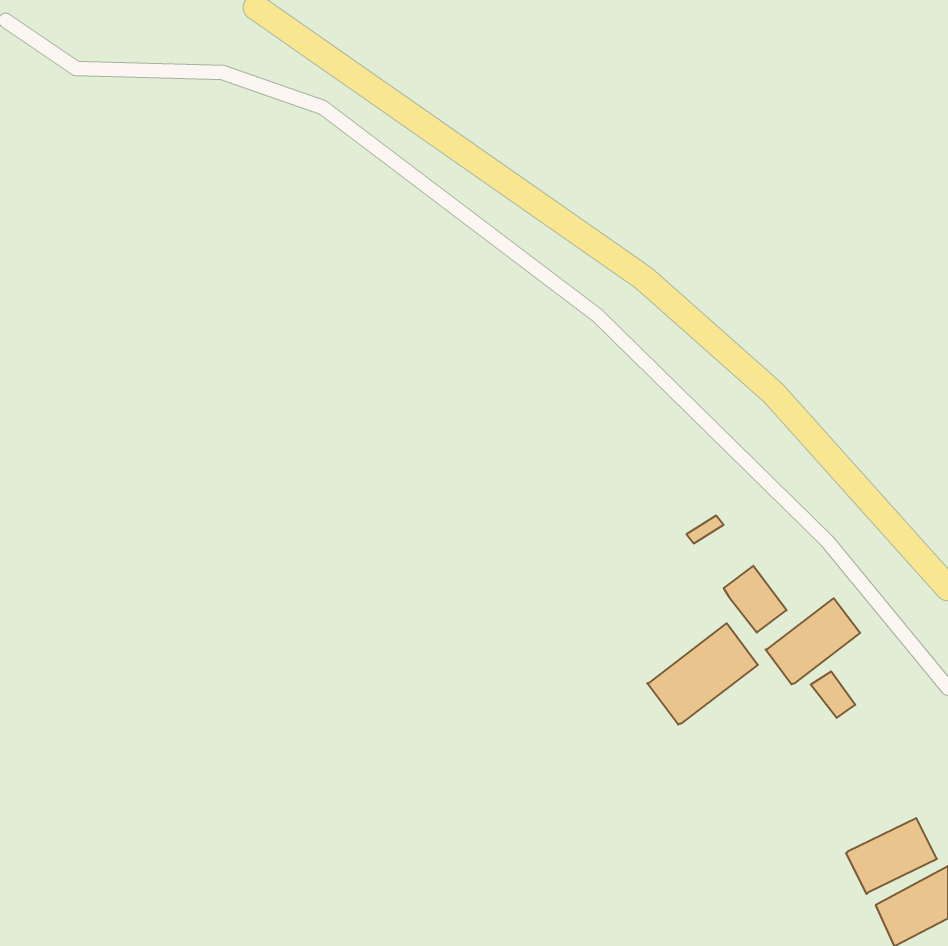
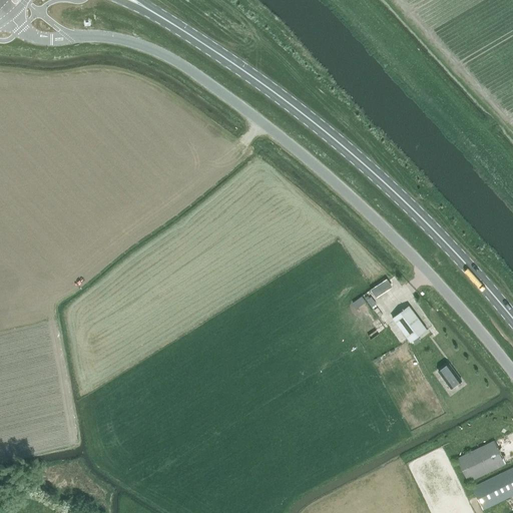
building: [765,598,860,684] -> none
building: [647,623,758,725] -> none

